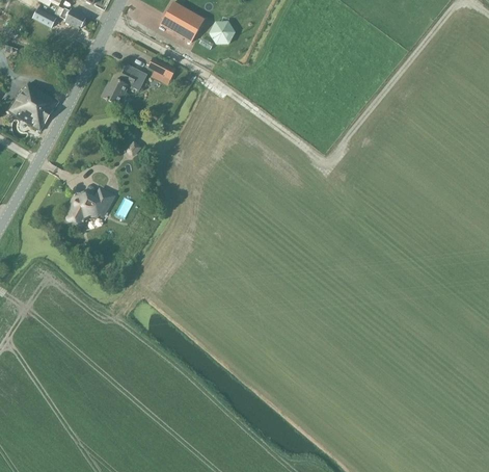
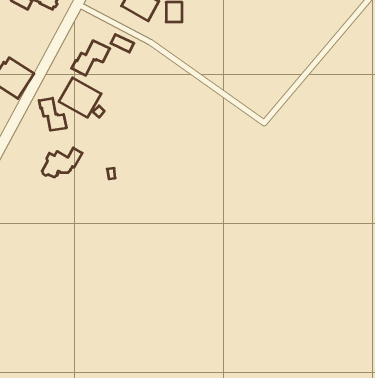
building: none -> [59,78,101,117]
building: none -> [39,98,66,130]

